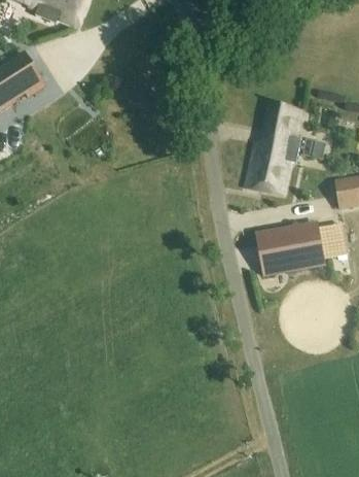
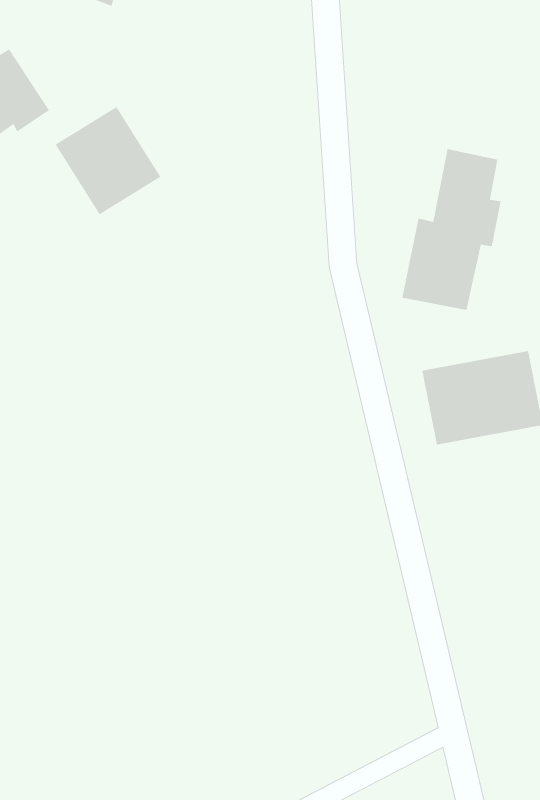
building: none -> [55,106,161,215]

